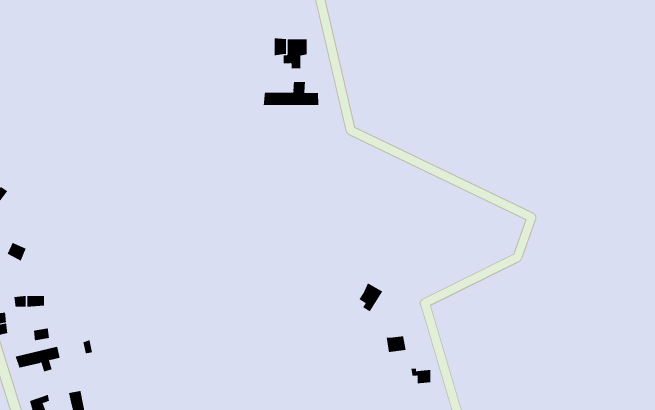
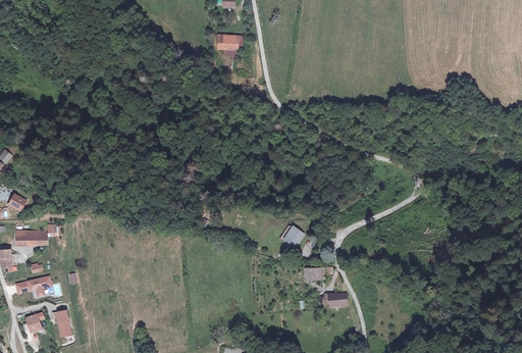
building: [263,81,319,106] -> none

